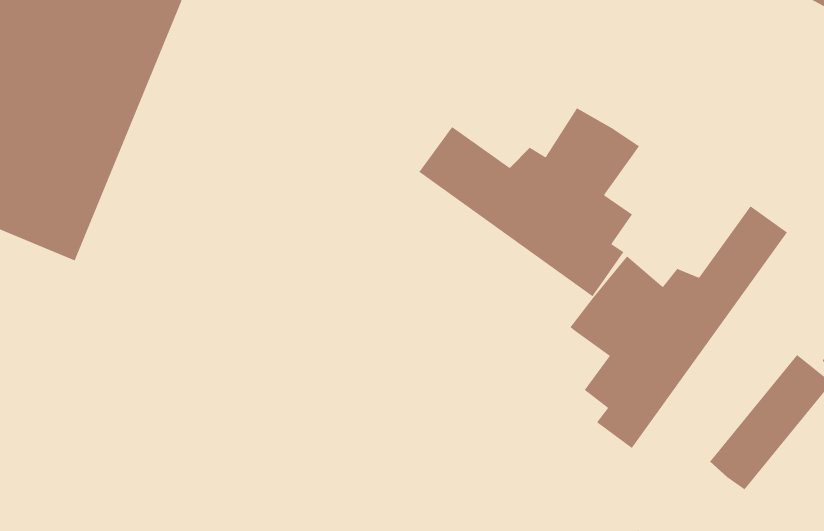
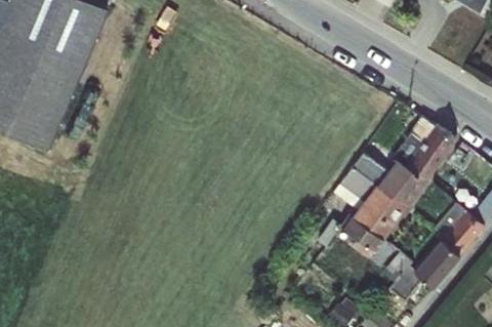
building: [419,108,640,297] -> none
building: none -> [379,249,423,302]

